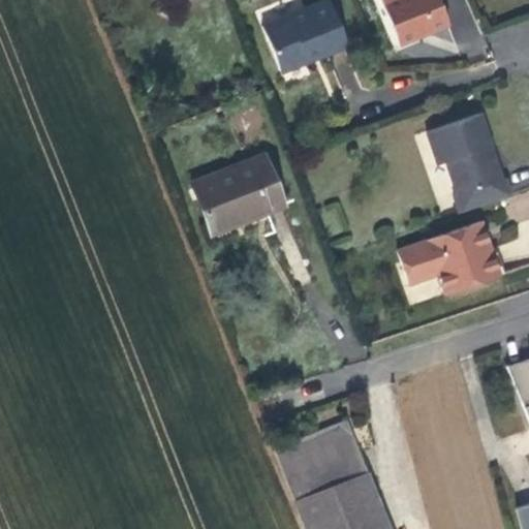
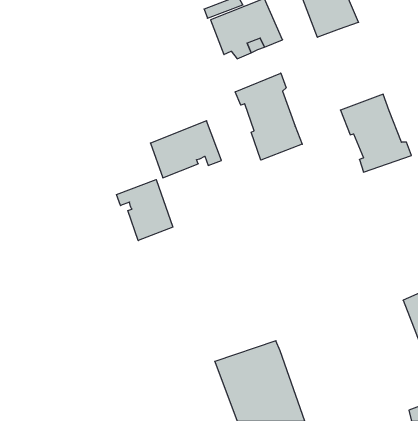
building: none -> [235,73,302,160]
building: [393,222,501,298] -> none
building: none -> [116,180,173,241]

